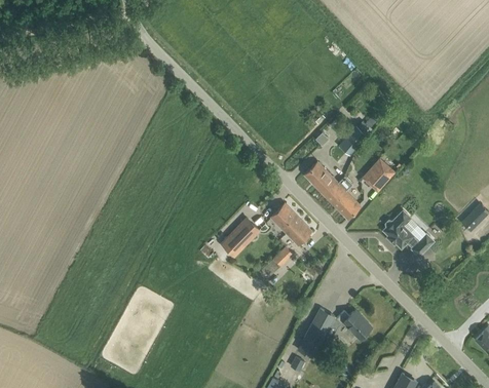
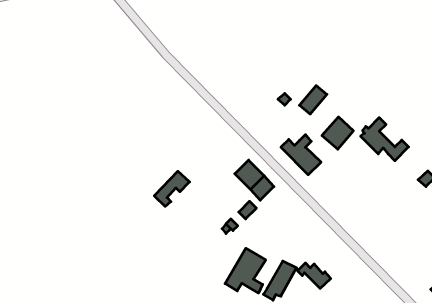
building: [304,161,338,190] -> none
building: [383,210,434,256] -> [361,118,409,161]
building: [222,219,259,256] -> [154,171,190,206]
building: none -> [225,248,266,293]

